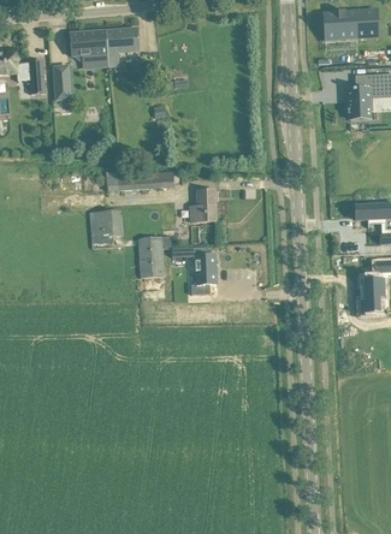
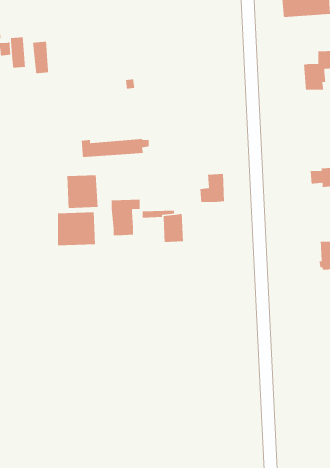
building: [69,28,138,66] -> none
building: [188,189,215,221] -> [199,173,225,203]
building: none -> [57,212,96,246]

